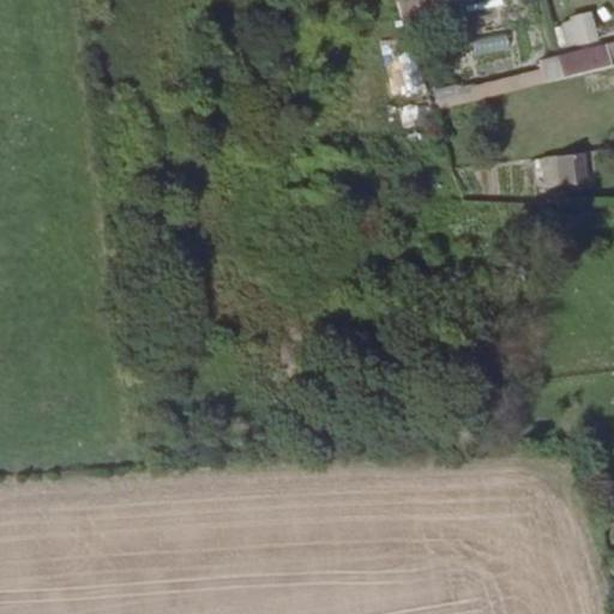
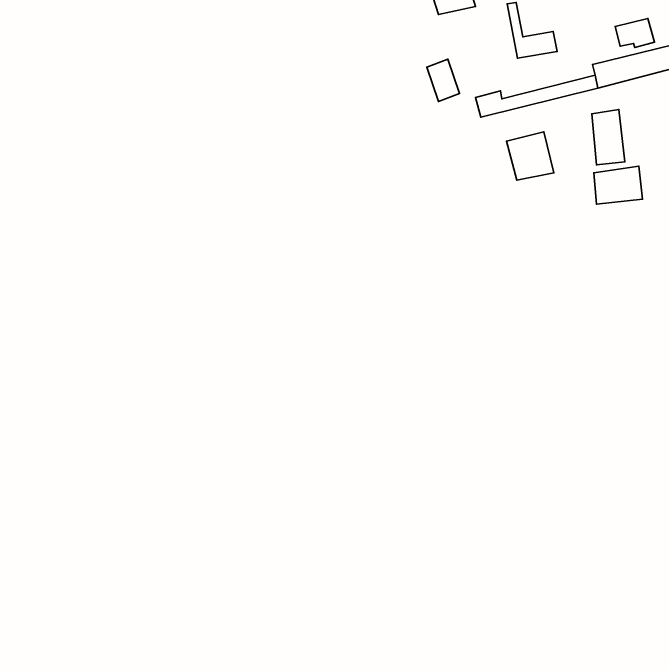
building: none -> [592,110,625,165]
building: none -> [506,132,554,180]

